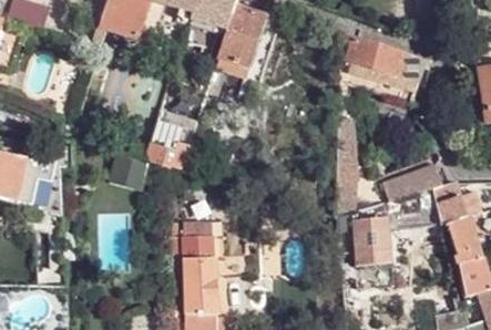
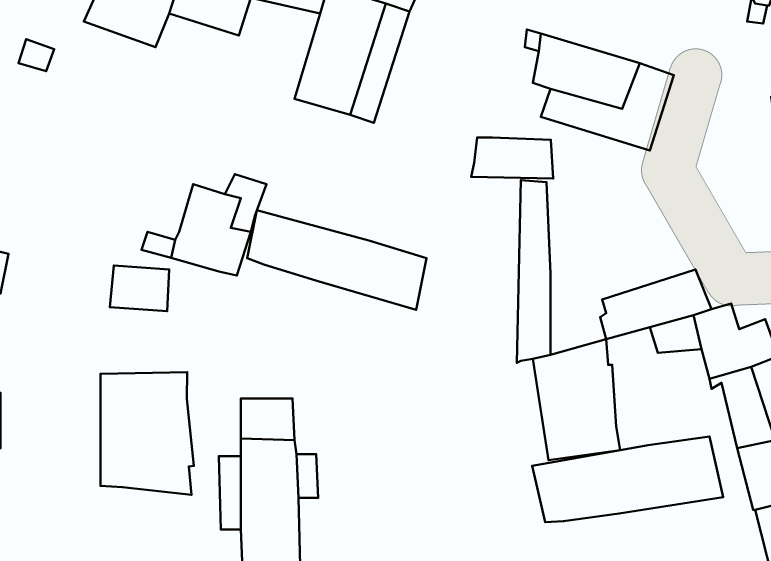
building: none -> [471,137,553,179]
building: none -> [247,210,427,310]
building: none -> [101,372,194,495]
building: none -> [532,437,723,522]

